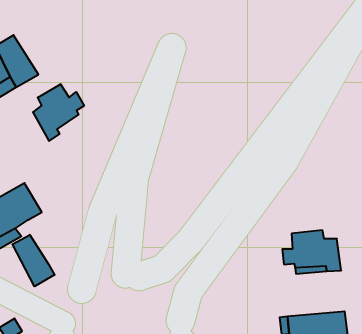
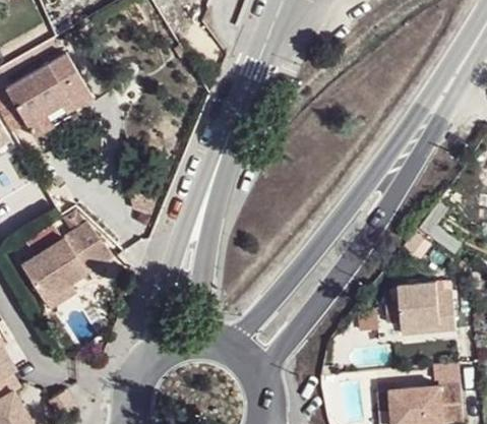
building: [33,84,84,141] -> none
building: [12,235,55,286] -> none

